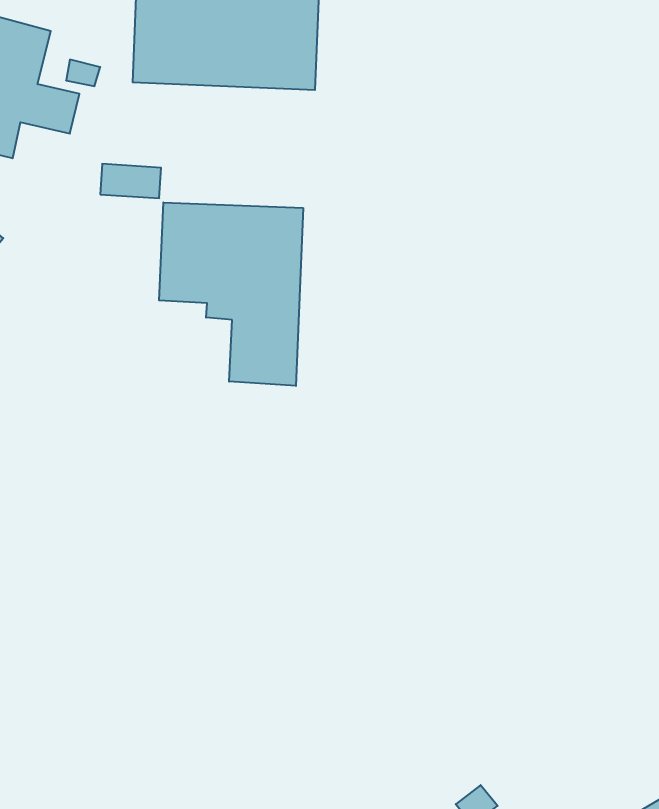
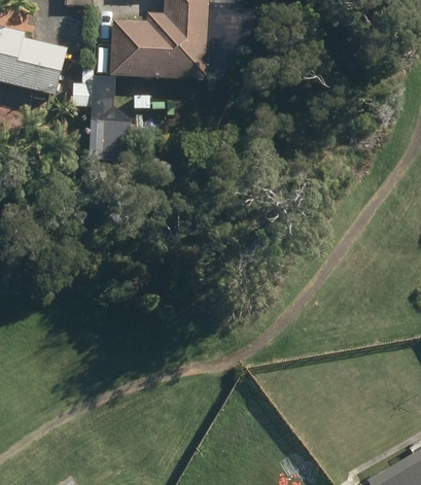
building: [159,202,303,386] -> none

